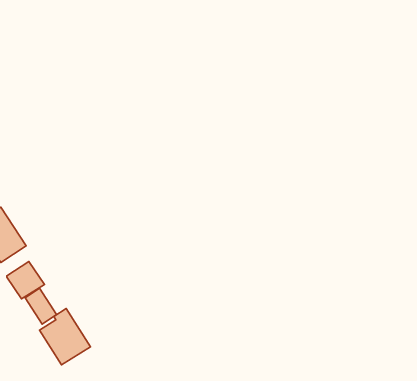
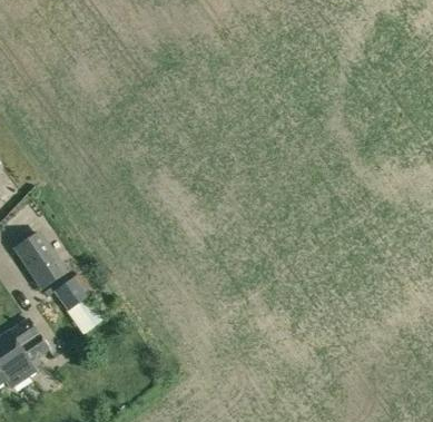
building: [39,309,91,365] -> none

